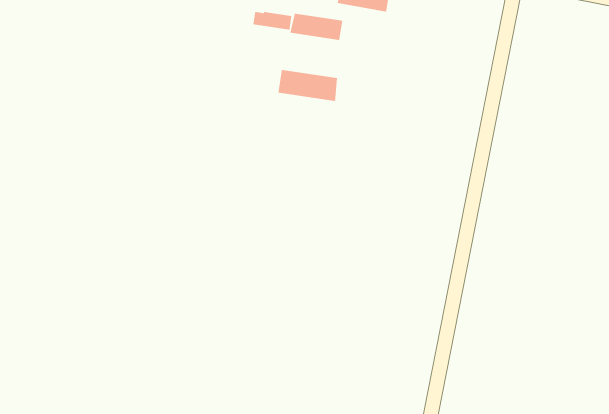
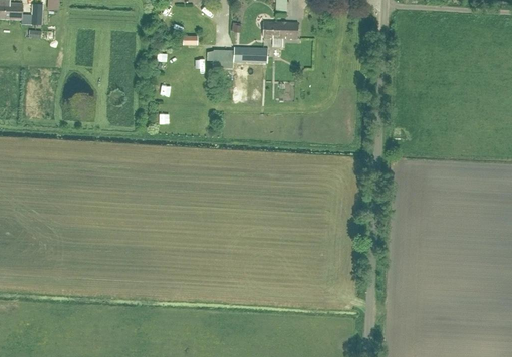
building: [278,69,337,102] -> none

